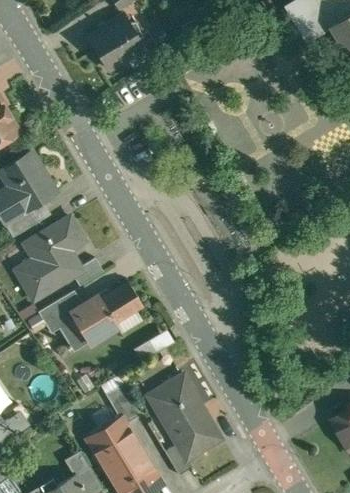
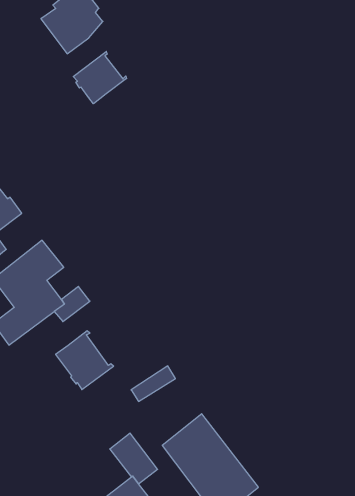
building: none -> [73,51,127,104]
building: [97,282,142,326] -> none
building: [38,291,81,333] -> none

